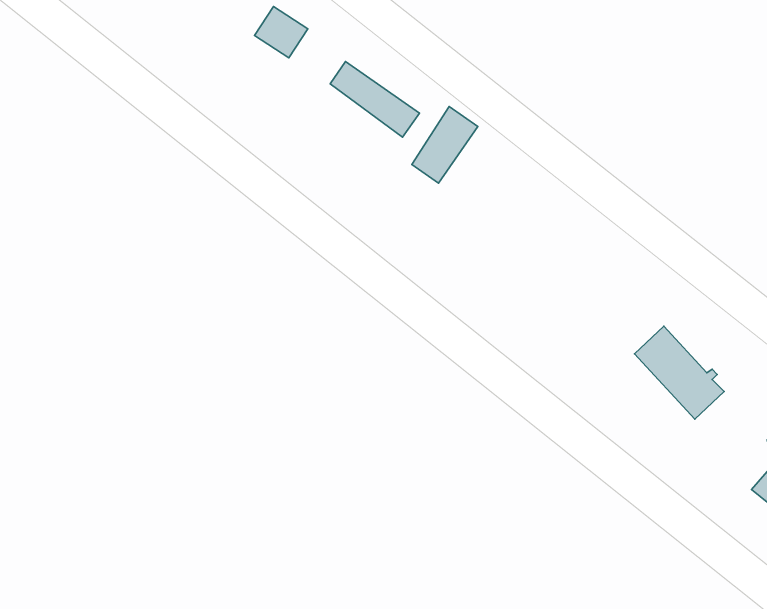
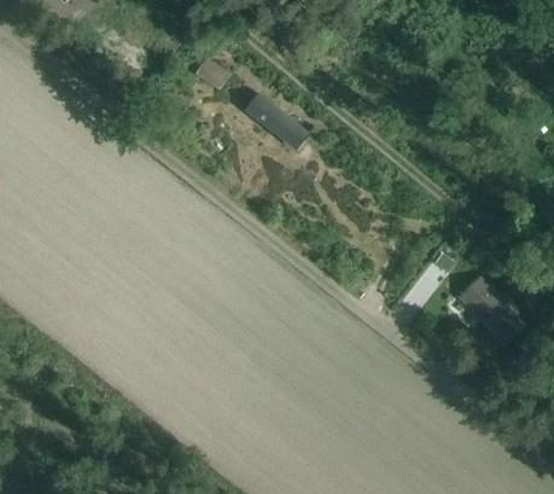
building: [412,107,478,183] -> none

